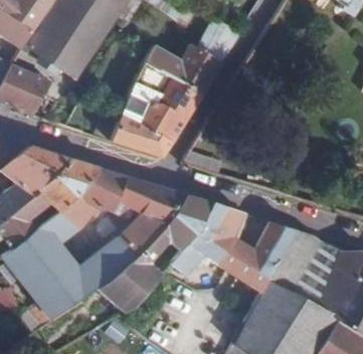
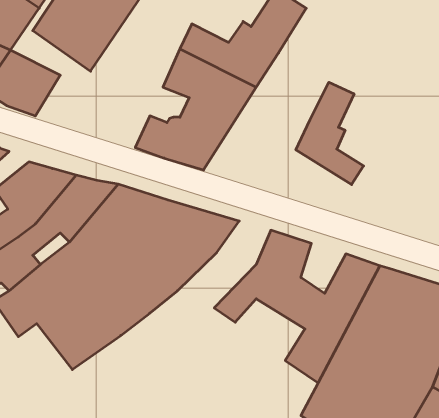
building: none -> [296,82,364,185]
building: [98,195,212,310] -> none

